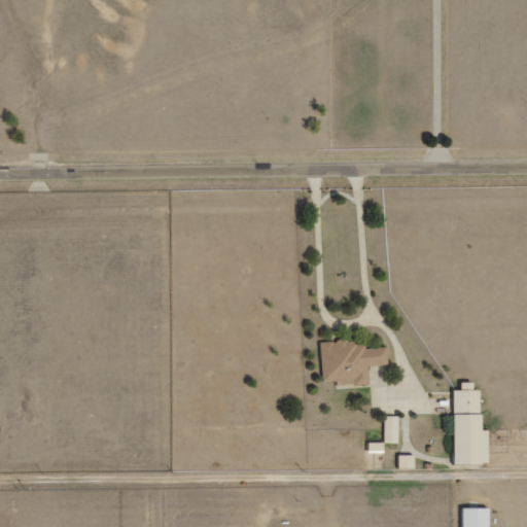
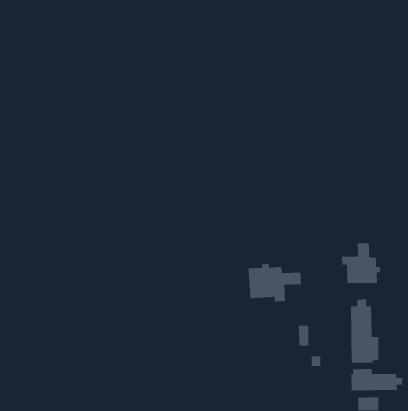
building: none -> [341,243,381,284]
building: none -> [350,368,403,391]

